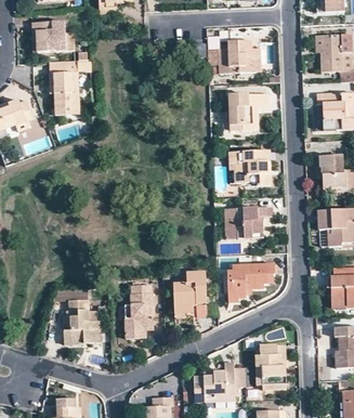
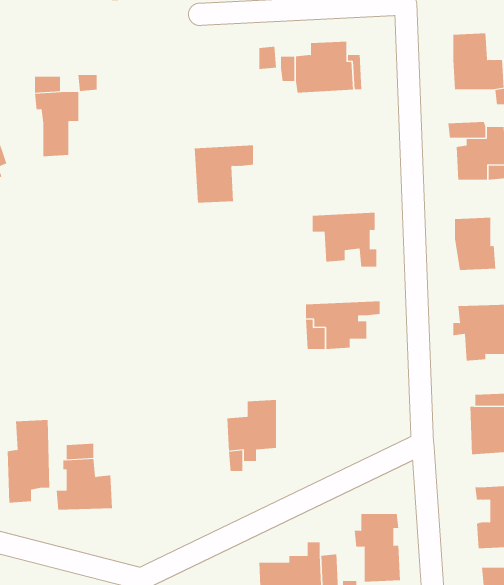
building: [31,21,66,51] -> none
building: [228,92,267,130] -> [194,145,254,203]
building: [226,263,274,301] -> none
building: [124,284,153,338] -> [7,420,50,503]

